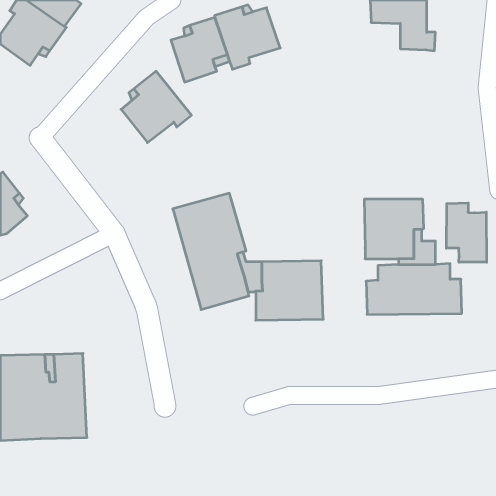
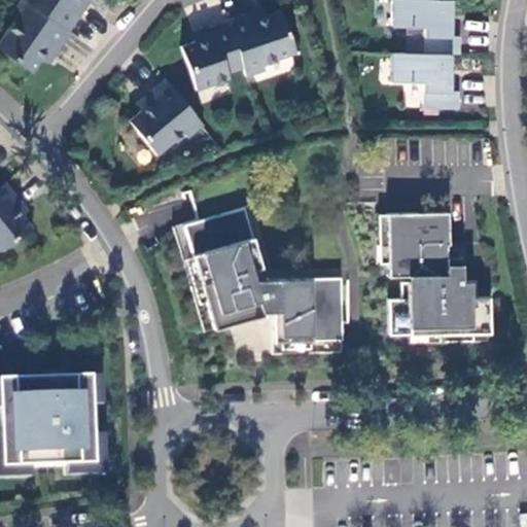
building: none -> [392,54,460,110]
building: [446,203,487,262] -> none

